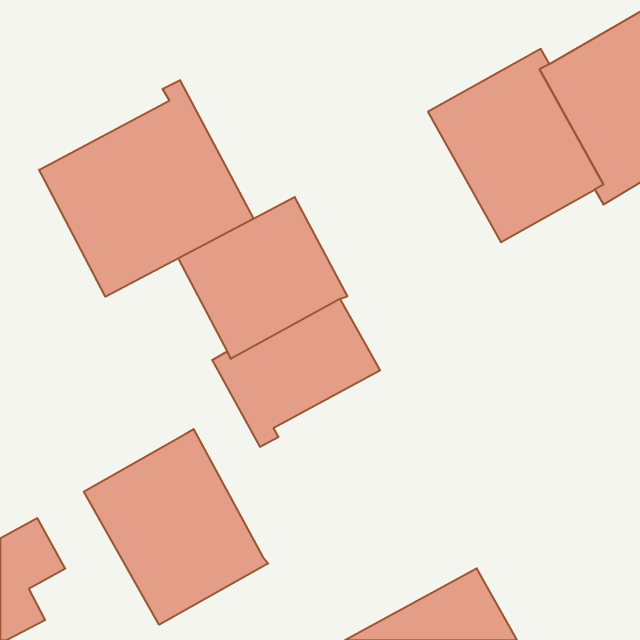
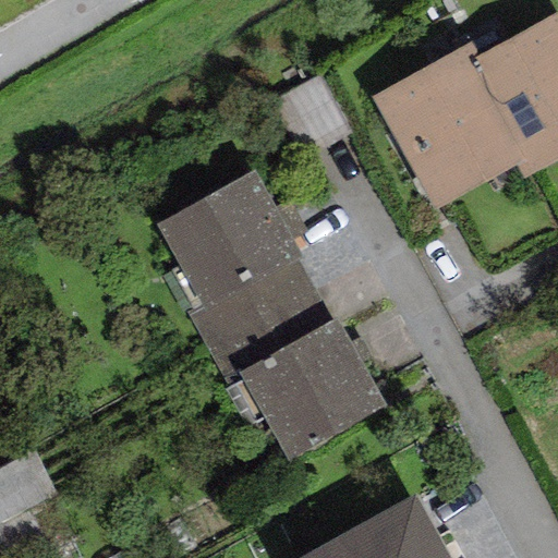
building: [39,80,253,297] -> none
building: none -> [239,317,387,462]
building: [84,429,268,625] -> none

